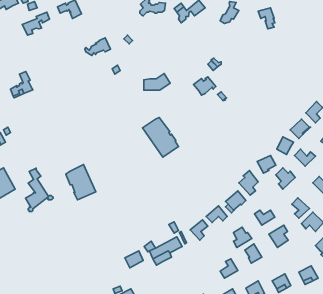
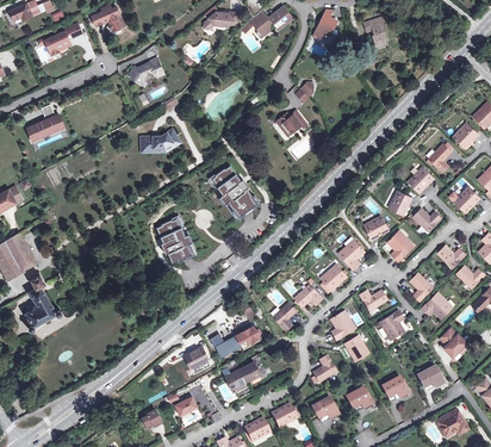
building: [144,73,170,90] -> [144,128,180,150]
building: [66,164,96,200] -> [155,215,195,262]
building: [26,168,53,211] -> [25,272,62,330]
building: none -> [226,361,260,397]

